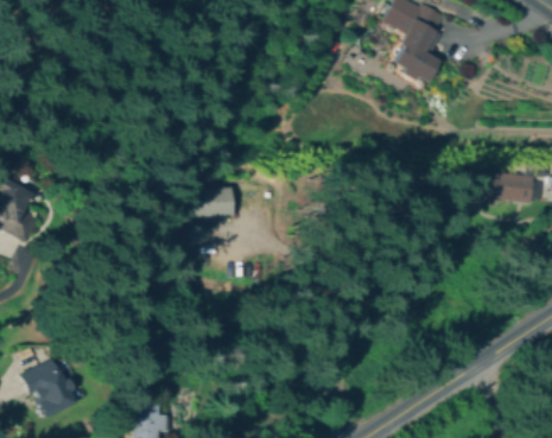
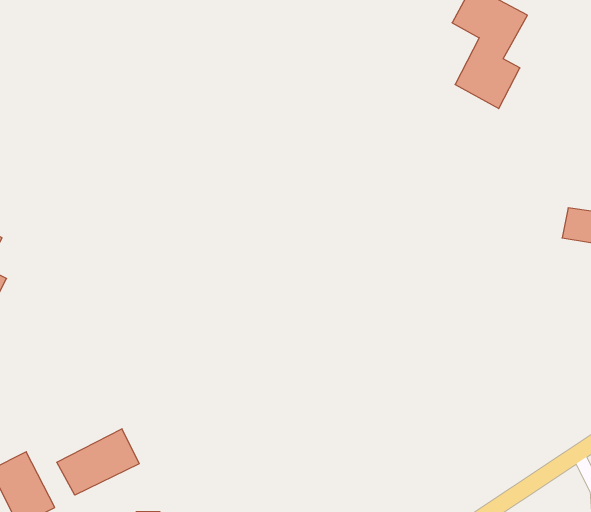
building: [182,192,231,217] -> none
building: none -> [57,429,139,495]

